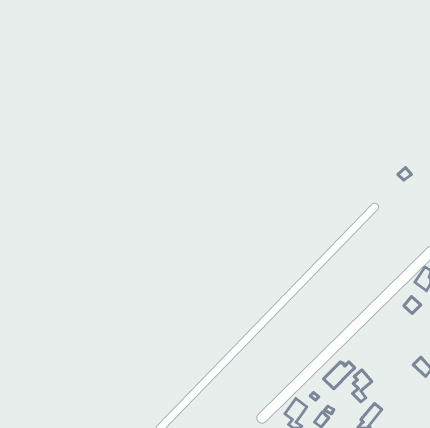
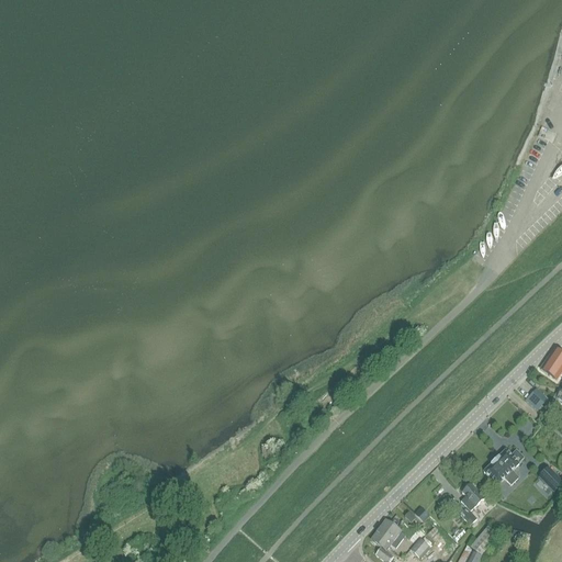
building: [324,362,355,389] -> [484,449,525,484]

